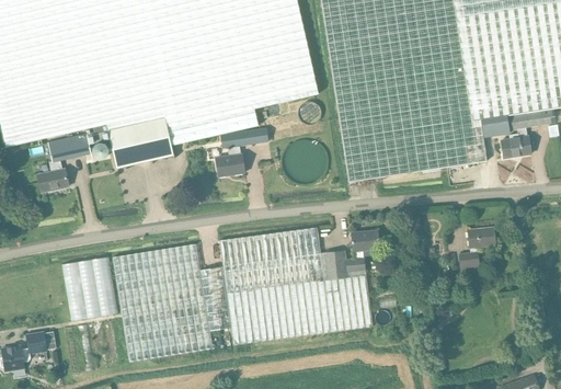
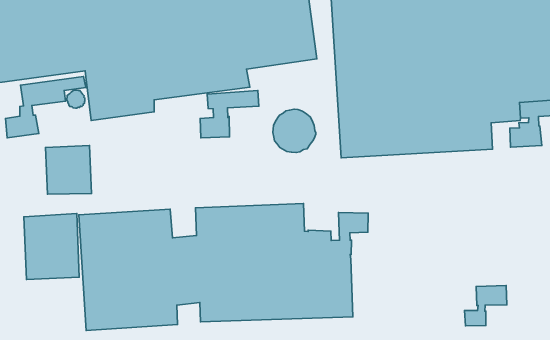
building: none -> [45,146,92,194]
building: [458,227,496,267] -> [465,286,507,326]

